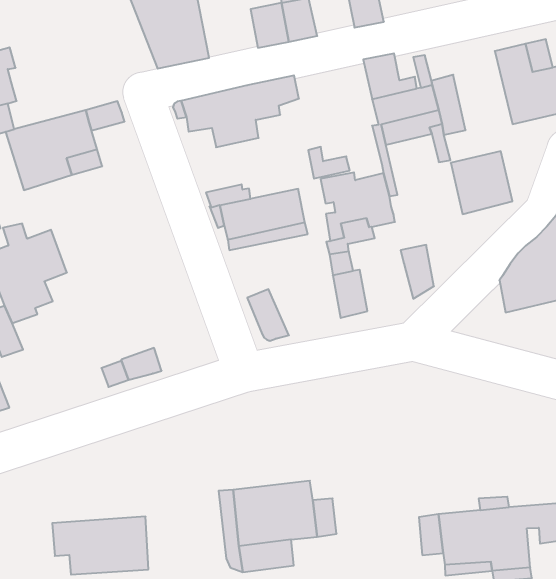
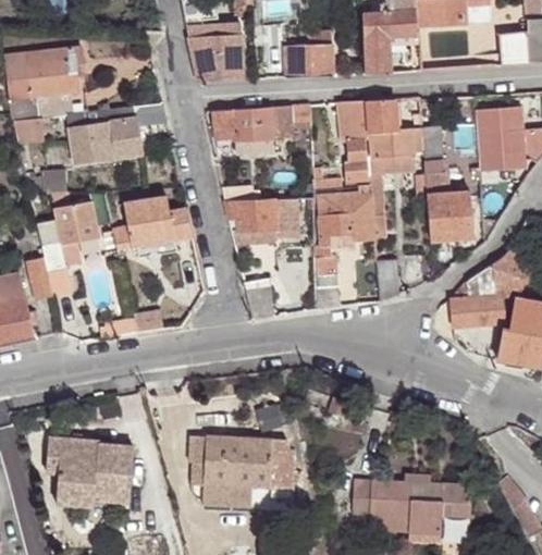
building: none -> [337,100,368,181]
building: none -> [113,196,193,247]

